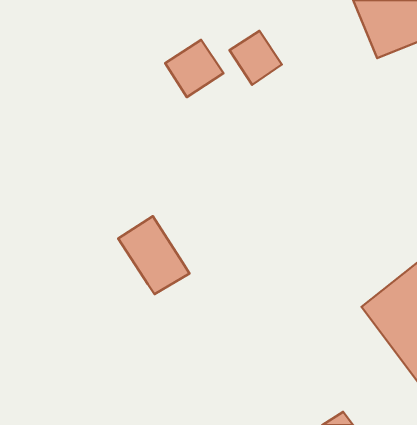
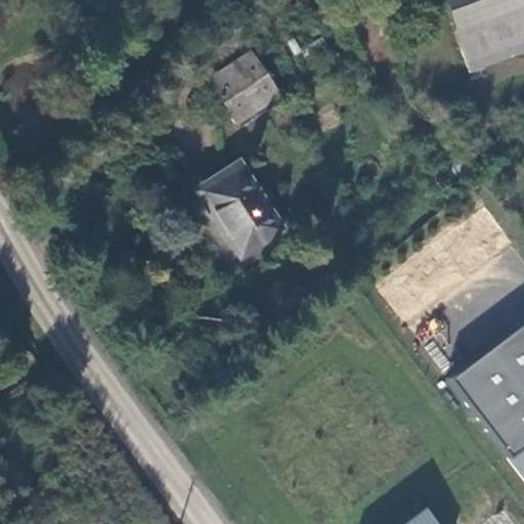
building: [229,31,282,85] -> none
building: [118,216,190,294] -> [196,161,285,257]

